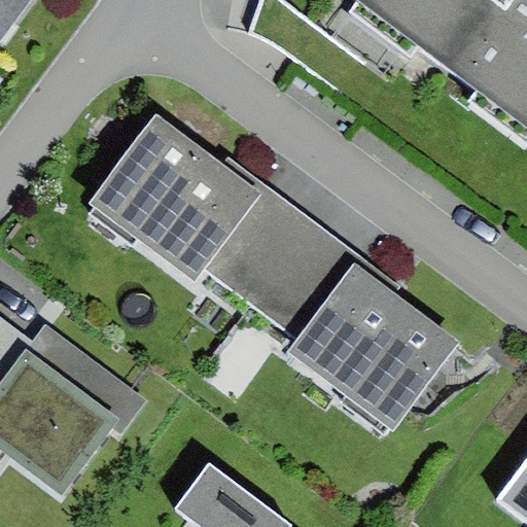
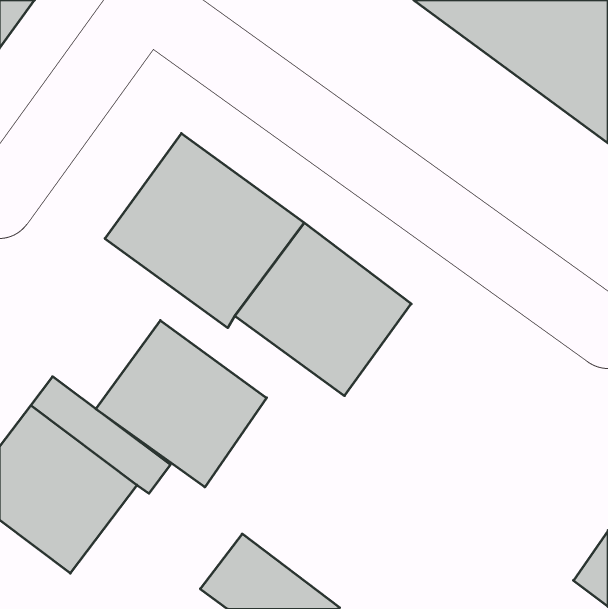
building: [288,262,463,432] -> none
building: none -> [96,320,267,487]

